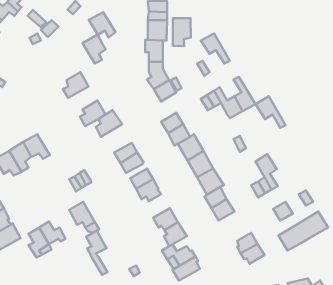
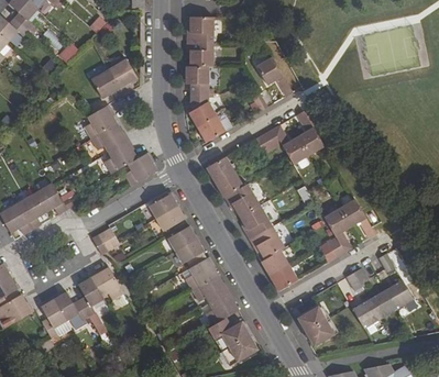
building: [89,12,115,38] -> [90,69,123,101]
building: [173,18,191,46] -> none
building: none -> [90,123,127,152]
building: [256,96,286,128] -> [338,198,375,237]
building: none -> [188,257,217,287]
building: [86,231,107,275] -> [78,277,105,332]

